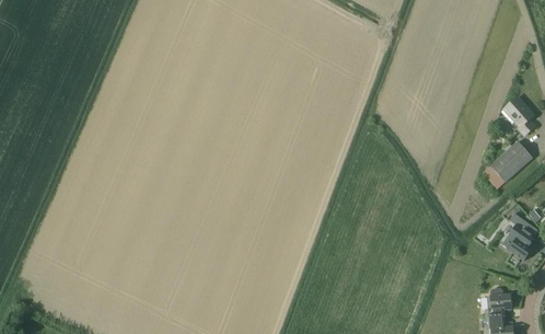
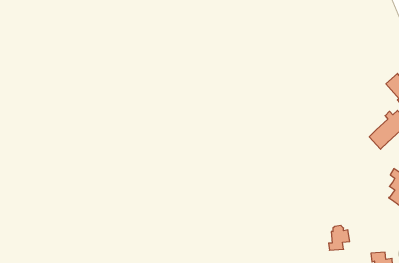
building: [484,287,510,318] -> [329,225,350,250]

